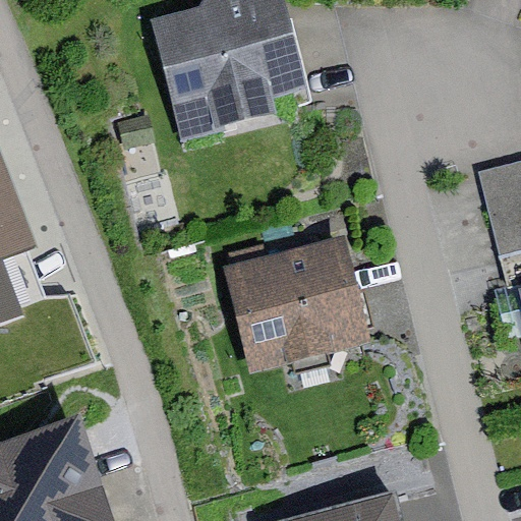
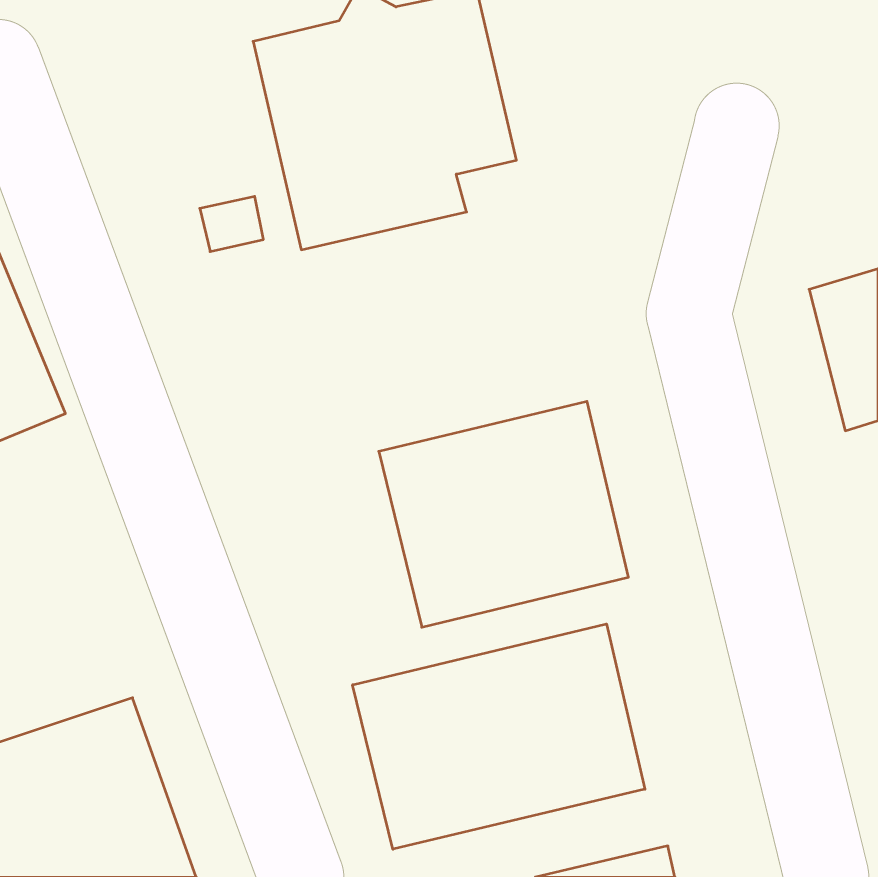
building: none -> [353,624,645,849]

